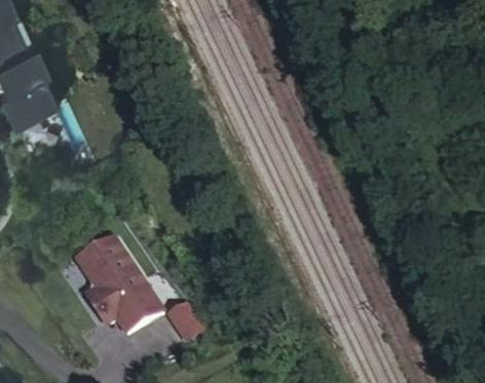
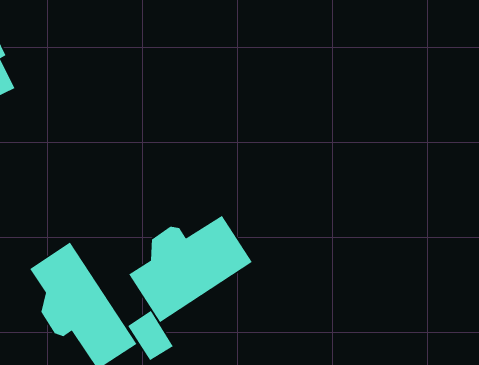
building: none -> [128,215,253,323]

